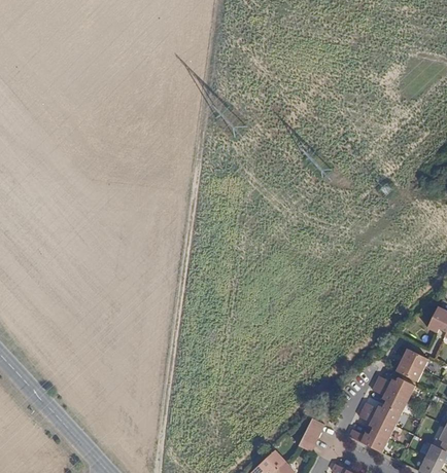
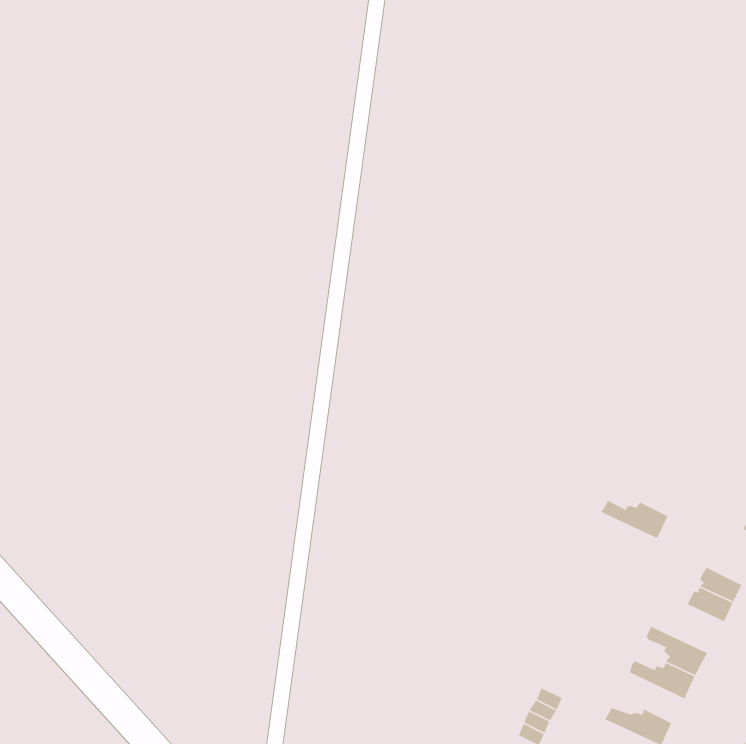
building: [375,375,414,398] -> [600,500,668,539]
building: [358,409,394,438] -> none

